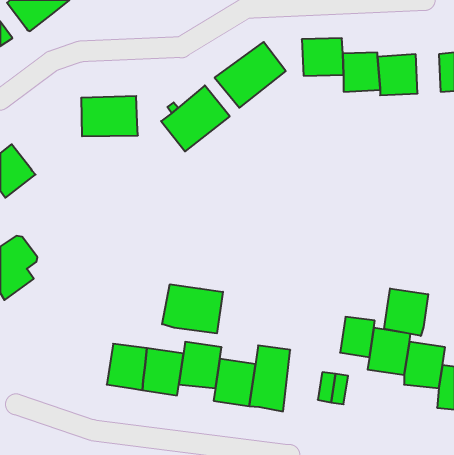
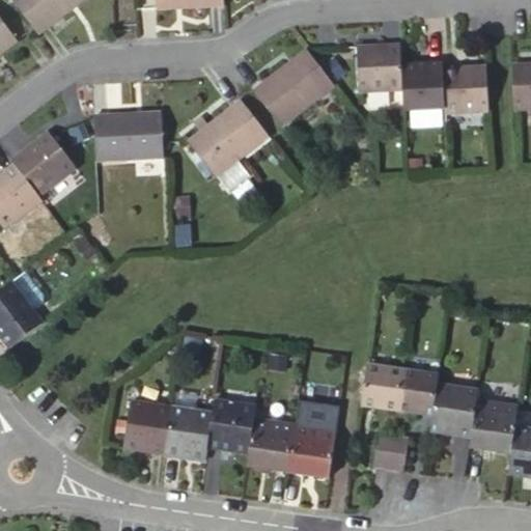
building: none -> [10,132,75,197]
building: [162,284,223,333] -> none
building: [384,288,428,336] -> none
building: none -> [362,364,403,411]

